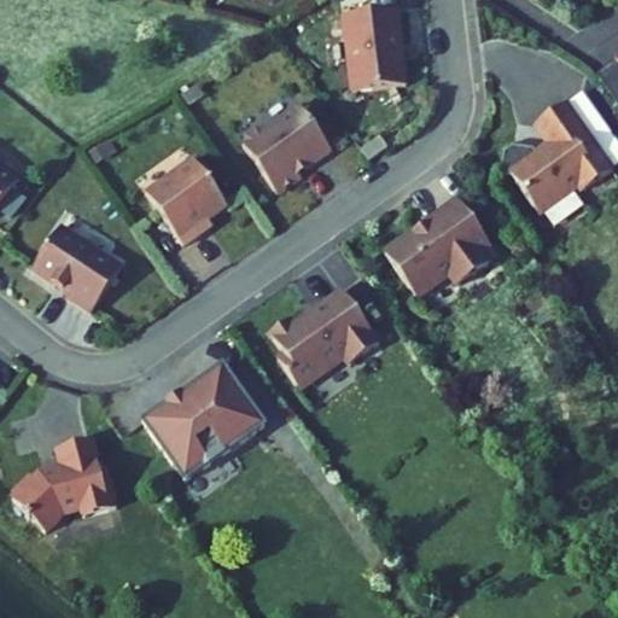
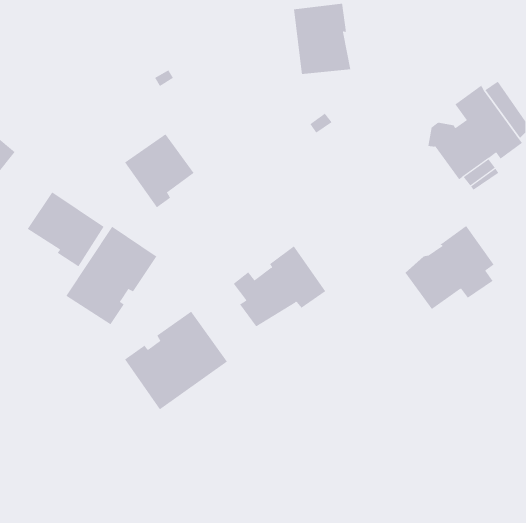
building: [241,100,331,190] -> none
building: [385,194,490,293] -> [404,225,495,310]
building: none -> [65,226,157,325]
building: [13,436,117,530] -> none

